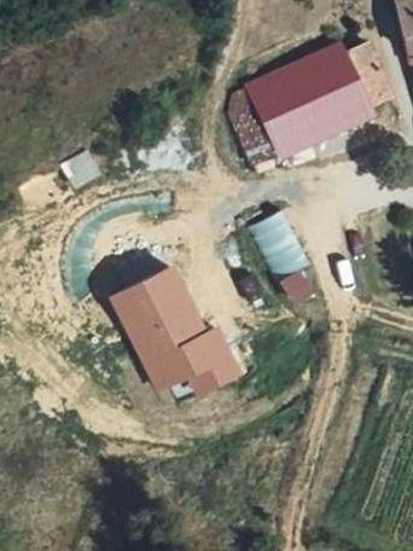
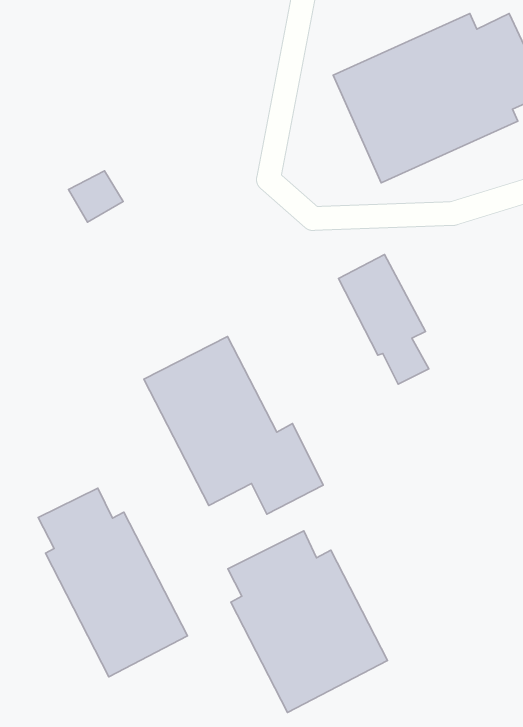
building: none -> [38,488,187,677]
building: none -> [228,531,388,712]

